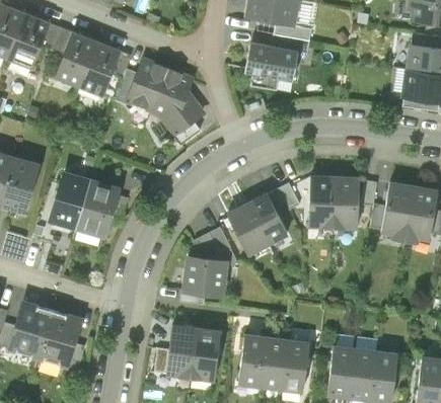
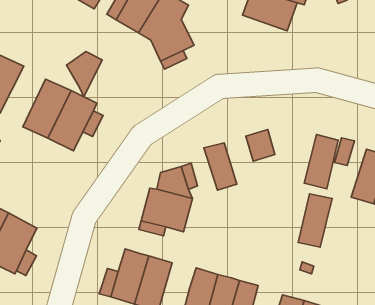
building: none -> [67,51,102,97]
building: [313,179,340,230] -> [298,194,332,247]
building: [250,193,290,242] -> none

